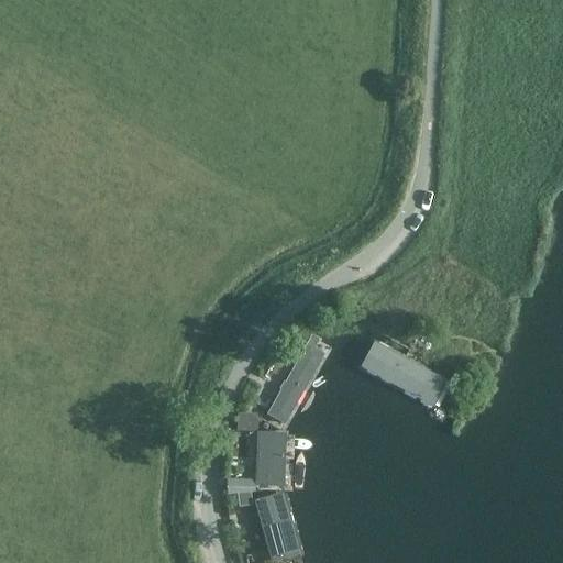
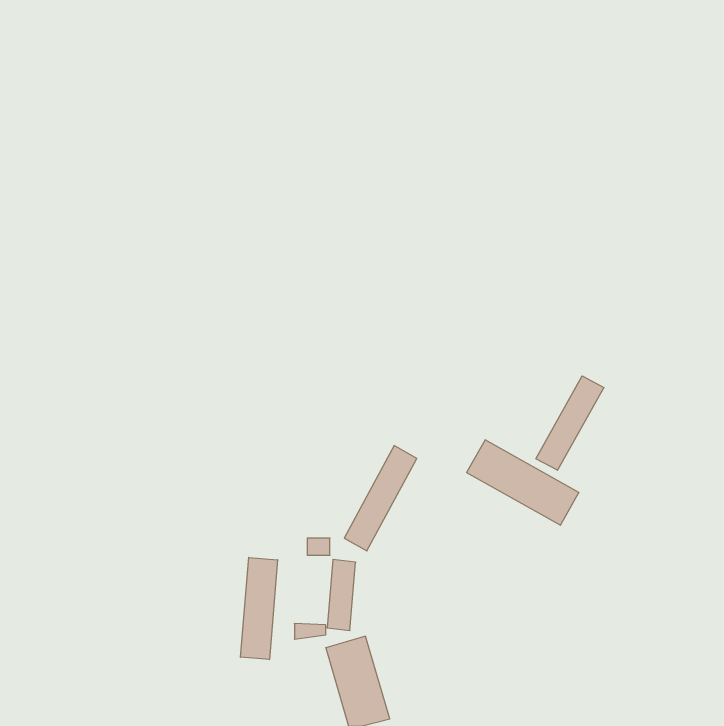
building: none -> [536,376,604,470]
building: none -> [240,557,278,660]

